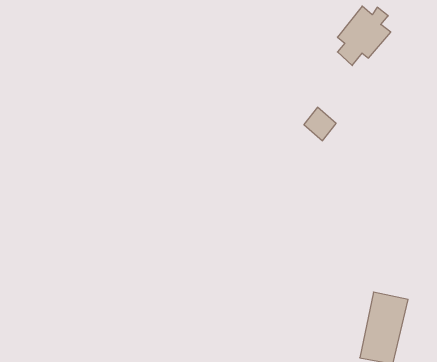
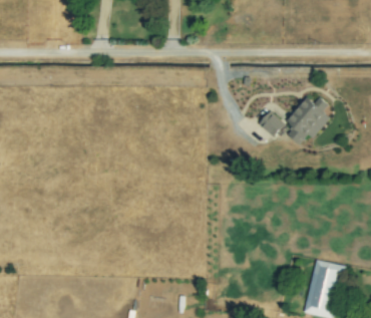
building: [337,6,391,66] -> [287,95,330,143]

